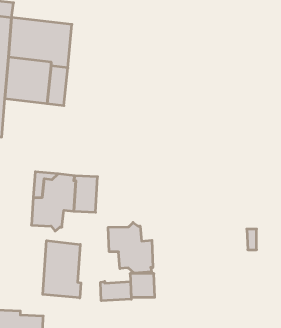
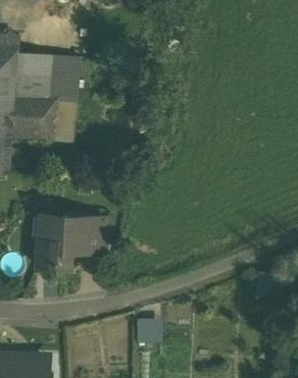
building: [108,222,153,273] -> none
building: [43,241,81,298] -> none
building: [101,281,131,301] -> none

